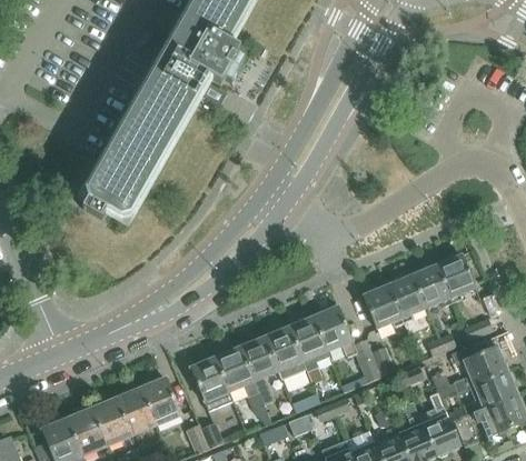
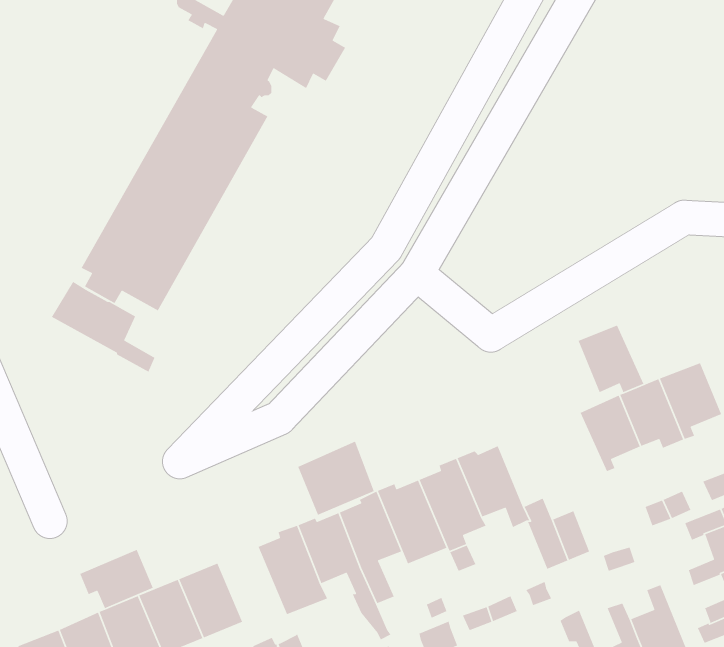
building: none -> [51,281,156,373]
building: [363,285,404,328] -> [578,324,645,393]
building: none -> [297,441,375,516]
building: none -> [79,549,154,609]

